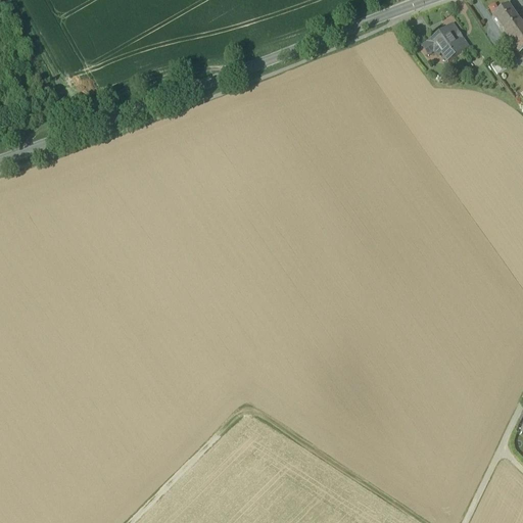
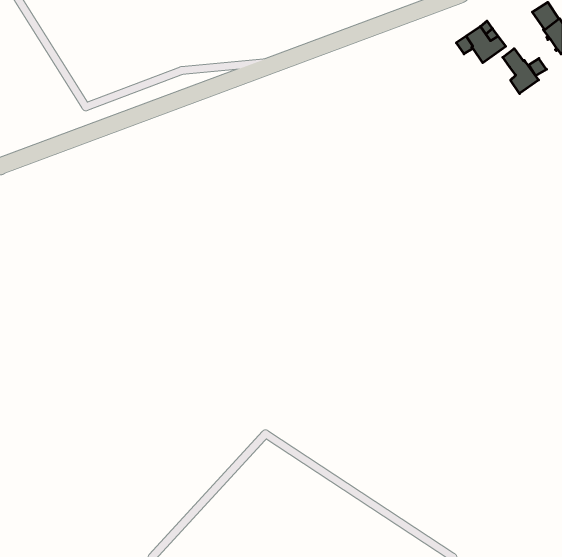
building: none -> [503,49,539,94]

